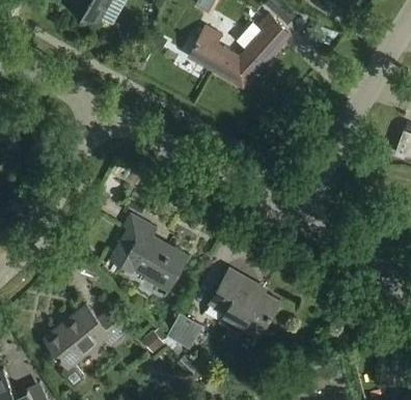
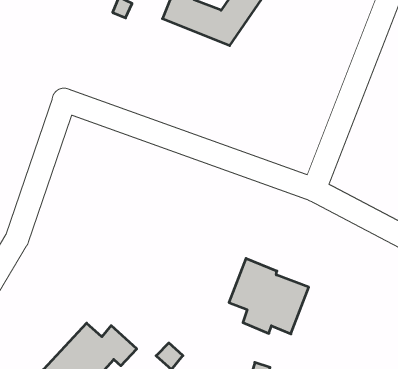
building: [114,215,189,290] -> none
building: [168,315,203,350] -> none

